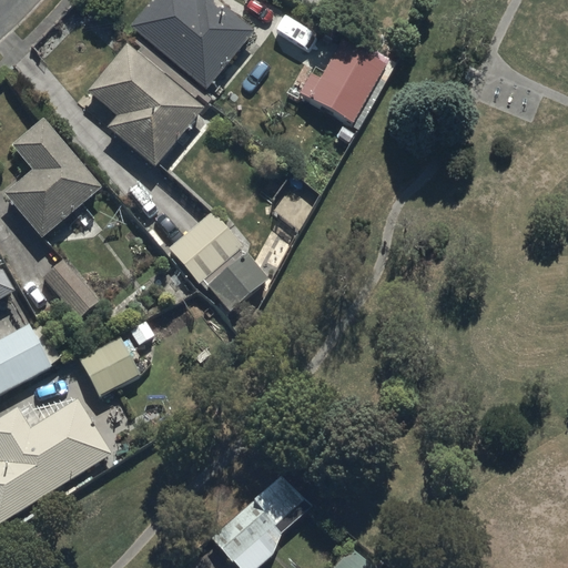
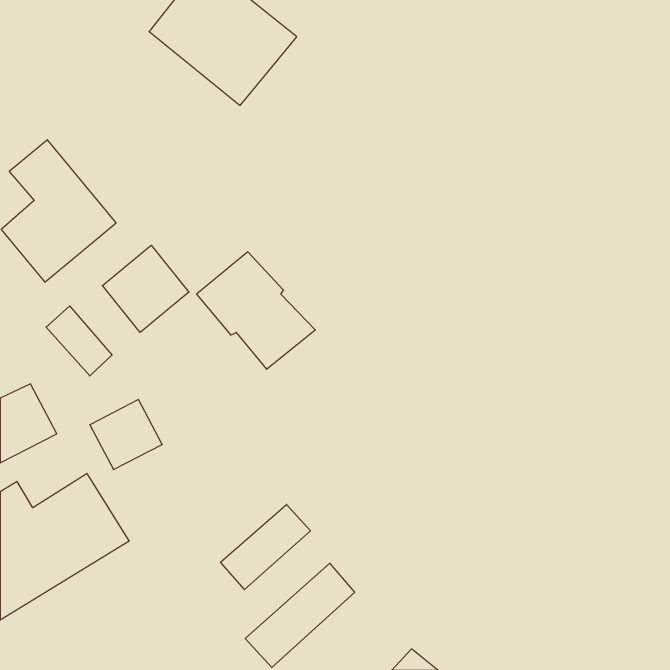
building: [298,39,385,122] -> none
building: [87,43,204,166] -> none
building: none -> [102,245,189,332]
building: none -> [220,504,310,590]

